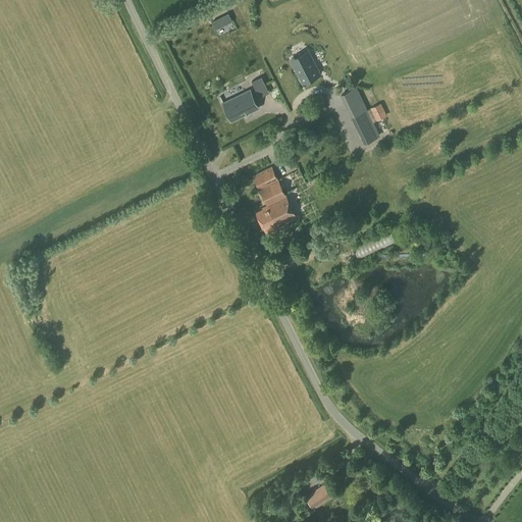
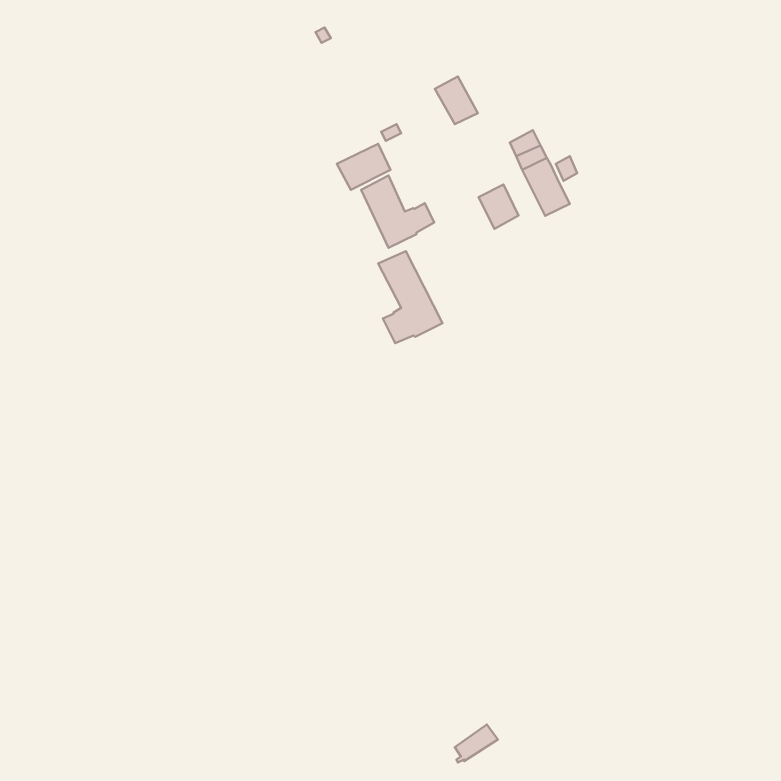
building: none -> [361,176,434,248]
building: none -> [479,184,518,229]

